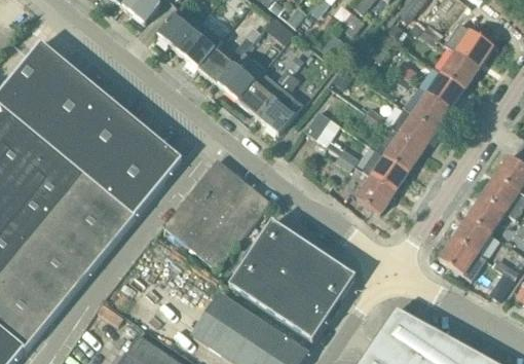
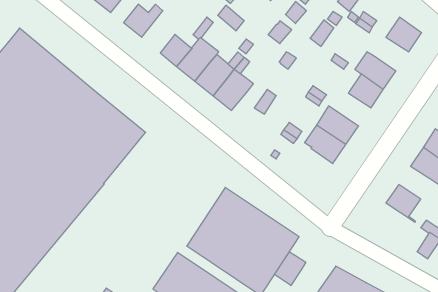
building: [179,22,224,69] -> none
building: [439,51,479,89] -> none
building: [388,108,437,151] -> none
building: [163,158,271,269] -> none
building: [354,176,394,214] -> none
building: [467,196,507,233] -> none
building: [439,238,486,280] -> none
building: none -> [274,252,306,286]

